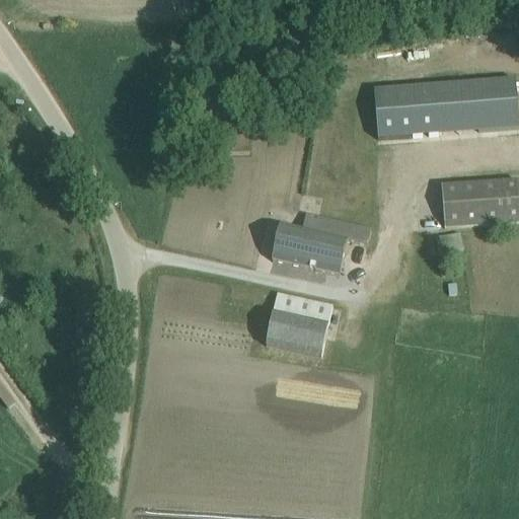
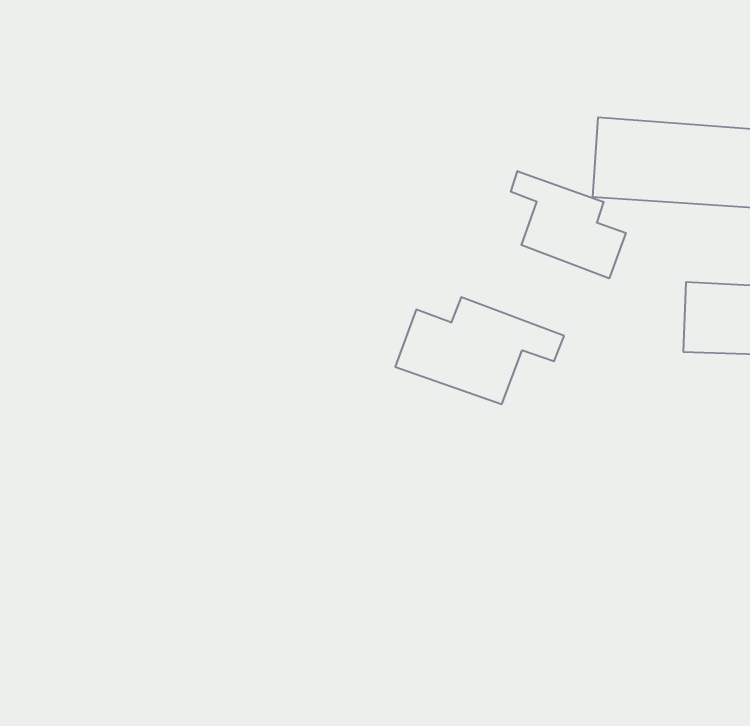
building: none -> [511,171,626,278]
building: [265,291,341,354] -> none

